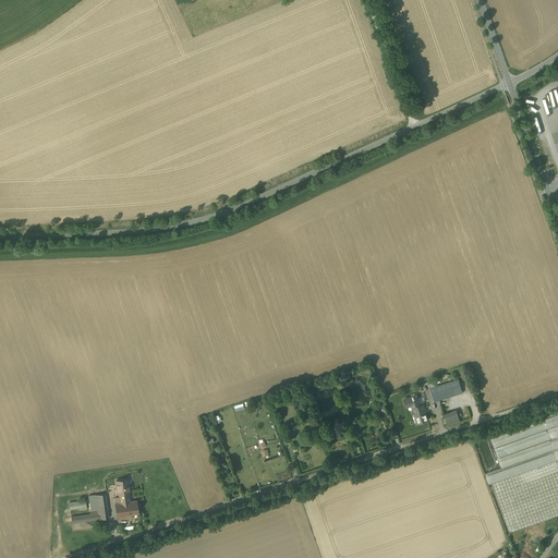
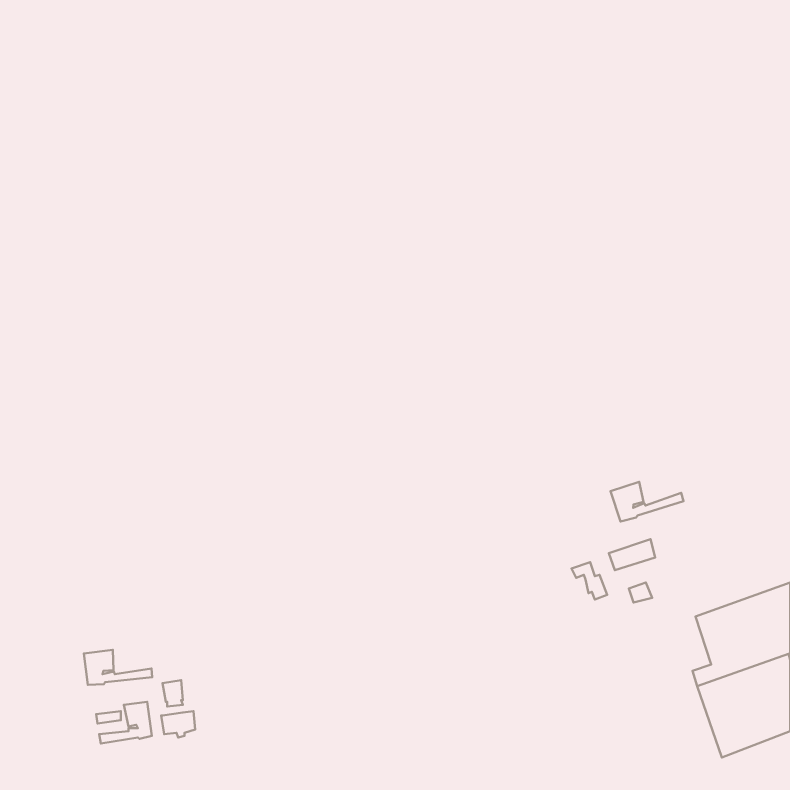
building: none -> [610,482,684,521]
building: none -> [84,650,152,685]

